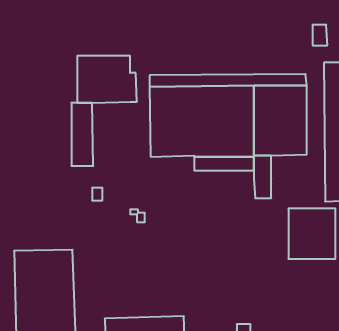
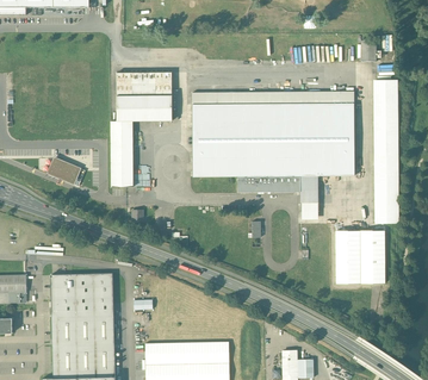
building: none -> [48,156,81,183]

